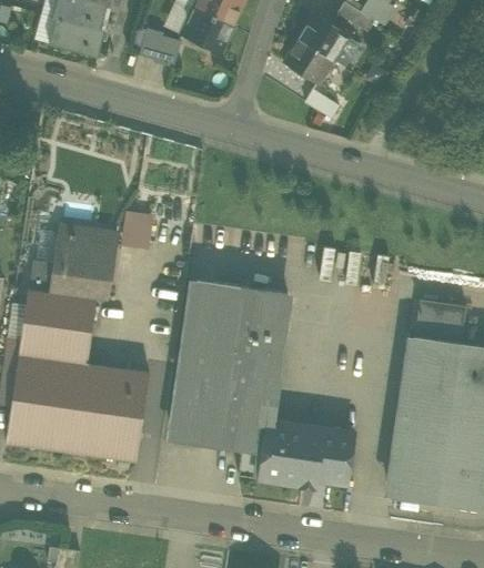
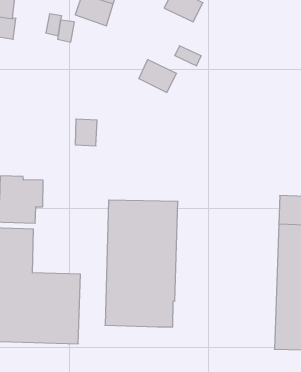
building: [283,38,333,83] -> [139,60,177,92]
building: [121,211,153,248] -> [75,119,97,146]
building: [238,419,354,486] -> none

